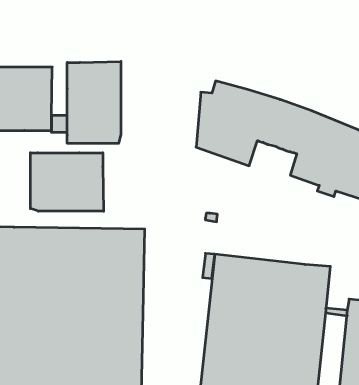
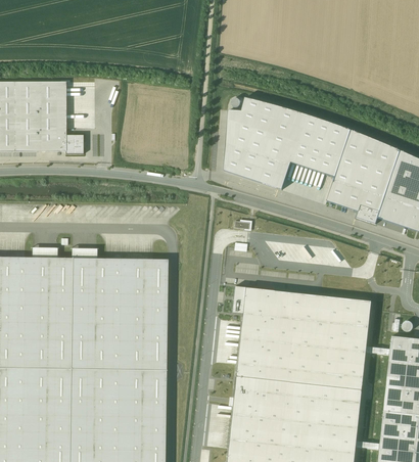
building: [67,61,121,143] -> none
building: [30,153,104,211] -> none

